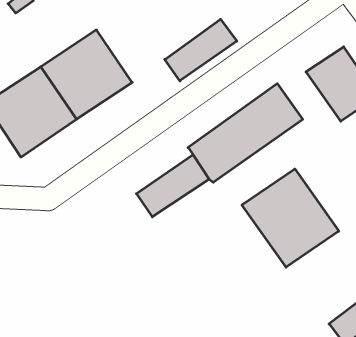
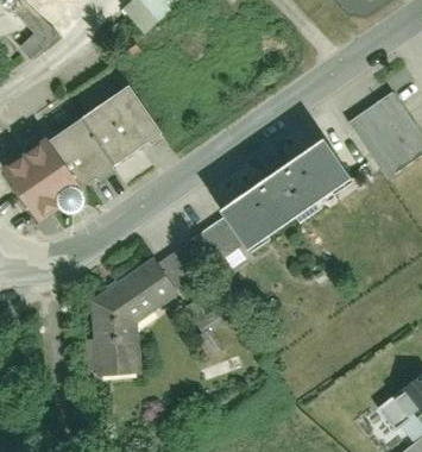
building: [165,19,237,81] -> none
building: [242,169,339,267] -> none
building: none -> [90,253,183,369]

